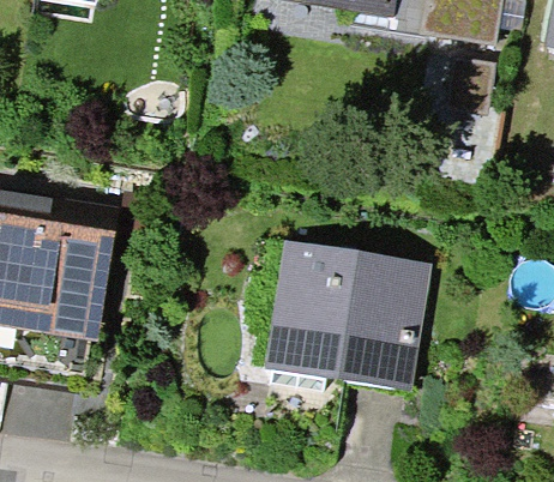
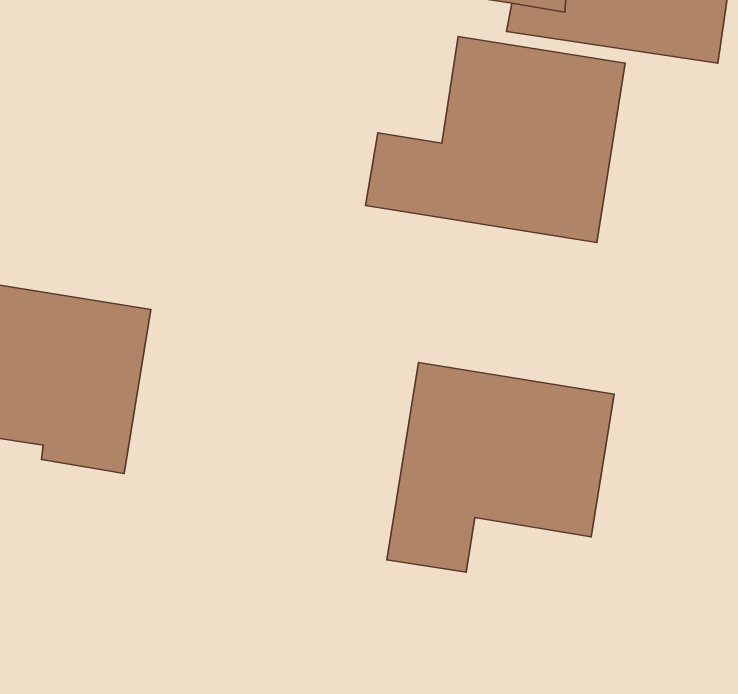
building: none -> [366,36,625,243]

